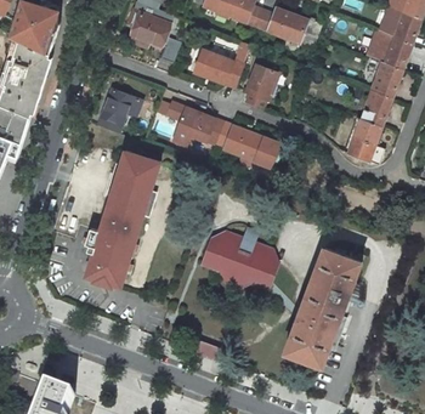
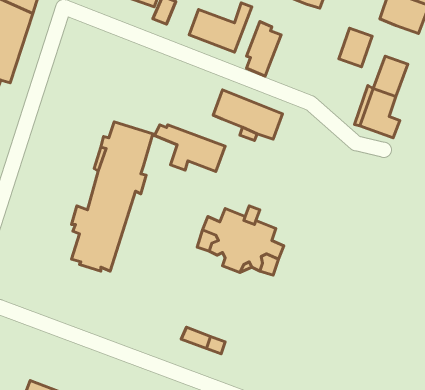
building: [370,63,401,98] -> [339,28,372,67]
building: [97,89,140,132] -> none
building: [158,102,222,144] -> [154,125,225,171]
building: [284,248,361,367] -> none

